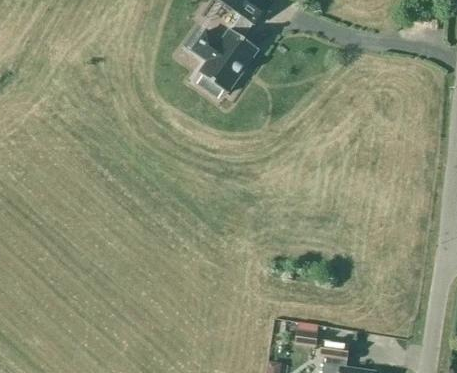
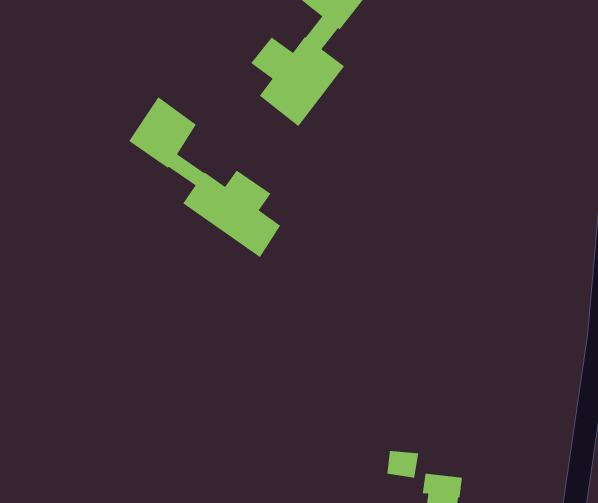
building: none -> [128,96,281,258]

